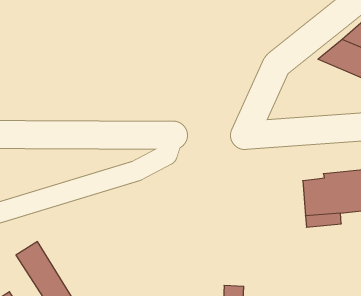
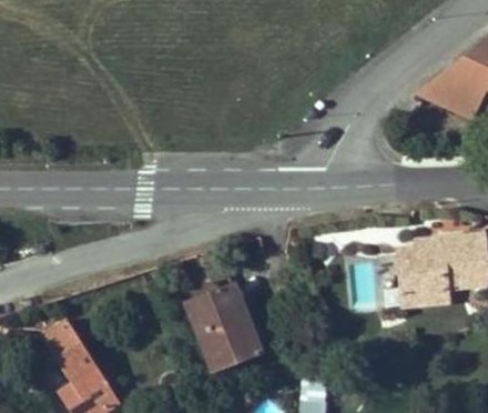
building: none -> [186,284,262,373]

